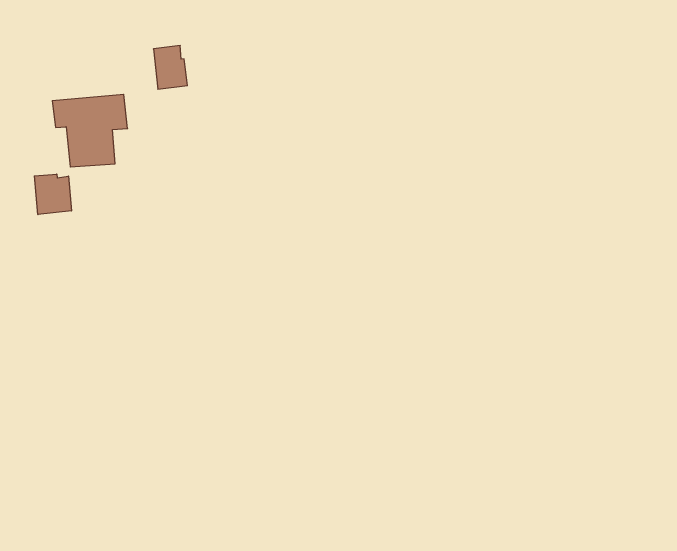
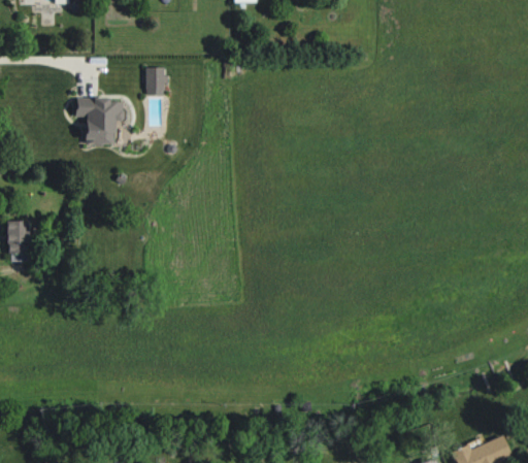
building: [34,174,71,215] -> none

